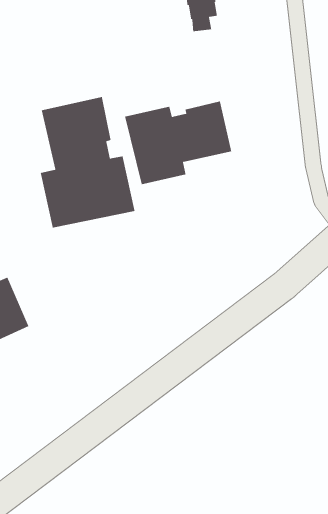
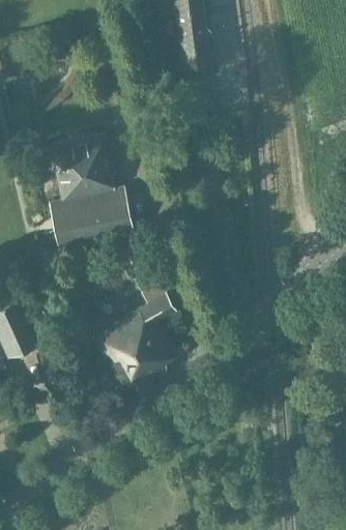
building: [124,101,232,185] -> none
building: none -> [94,272,180,401]

